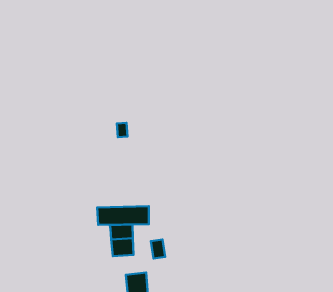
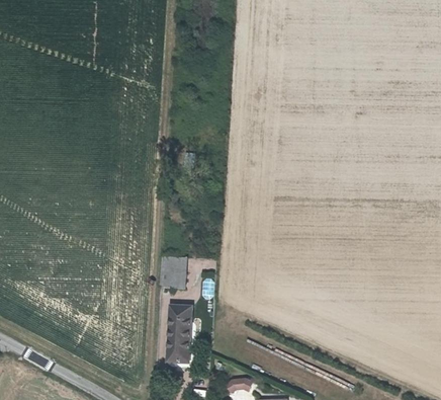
building: [97,206,149,225] -> none

